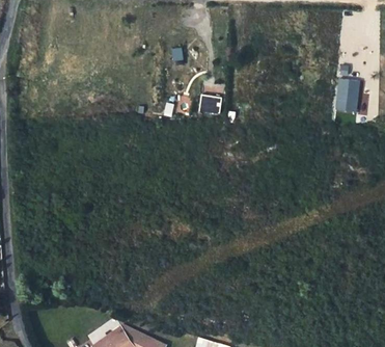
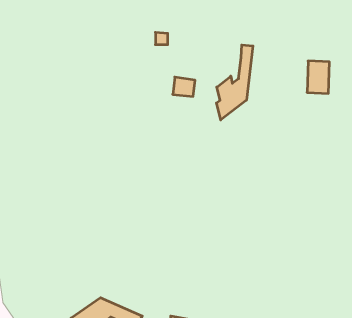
building: none -> [216,45,253,120]

